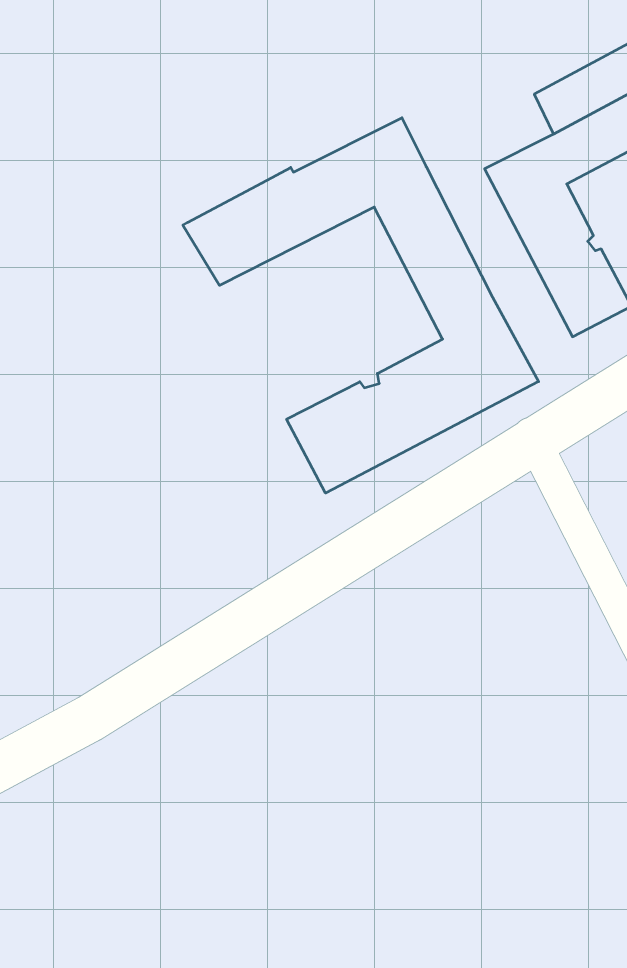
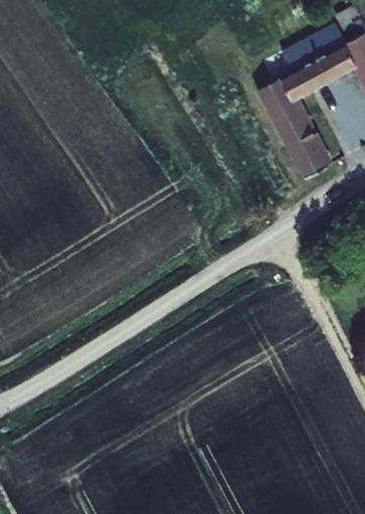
building: [183,118,539,493] -> none

